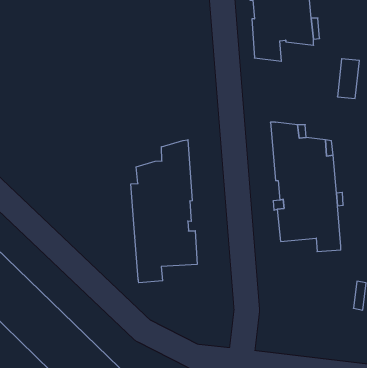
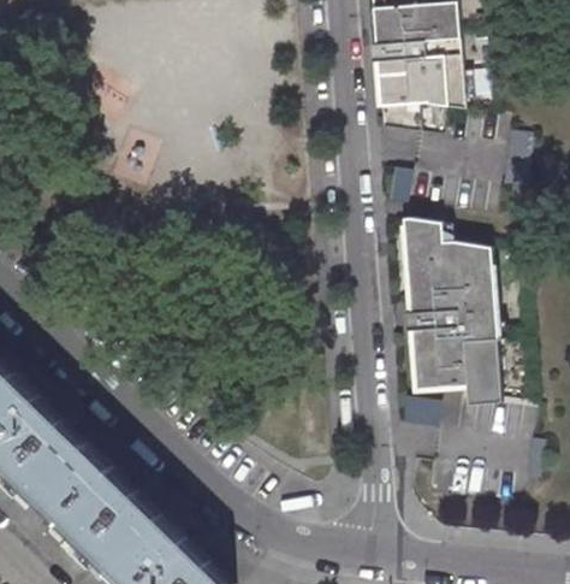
building: [131,140,197,283] -> none

